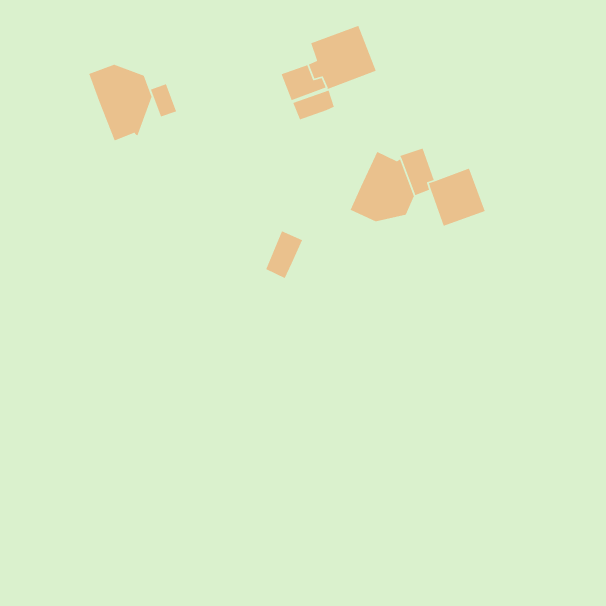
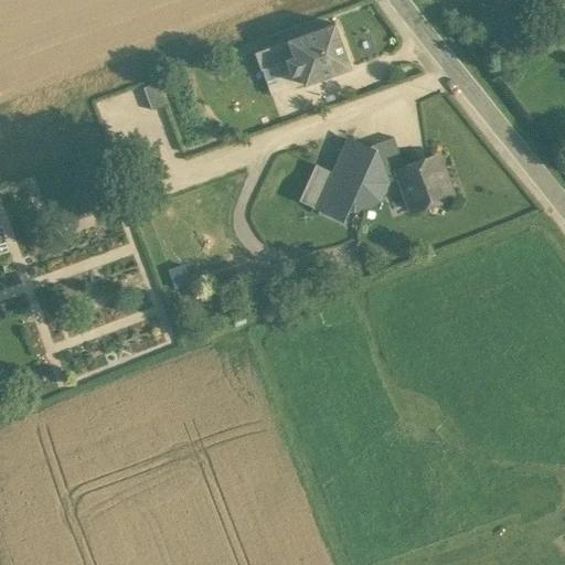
building: [88,64,153,142] -> none
building: [292,89,335,120] -> [254,41,294,70]
building: [265,230,303,279] -> [299,166,334,211]

